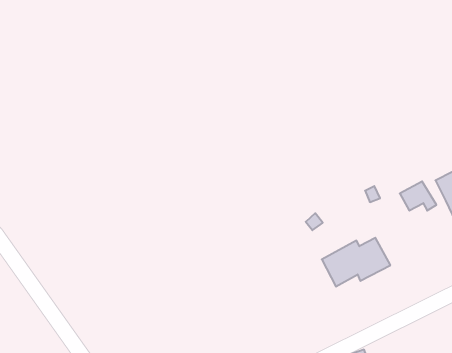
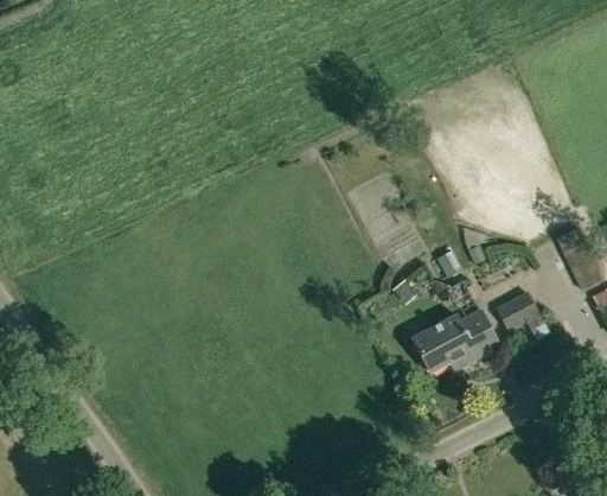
building: [400,181,436,211] -> [498,292,544,329]

